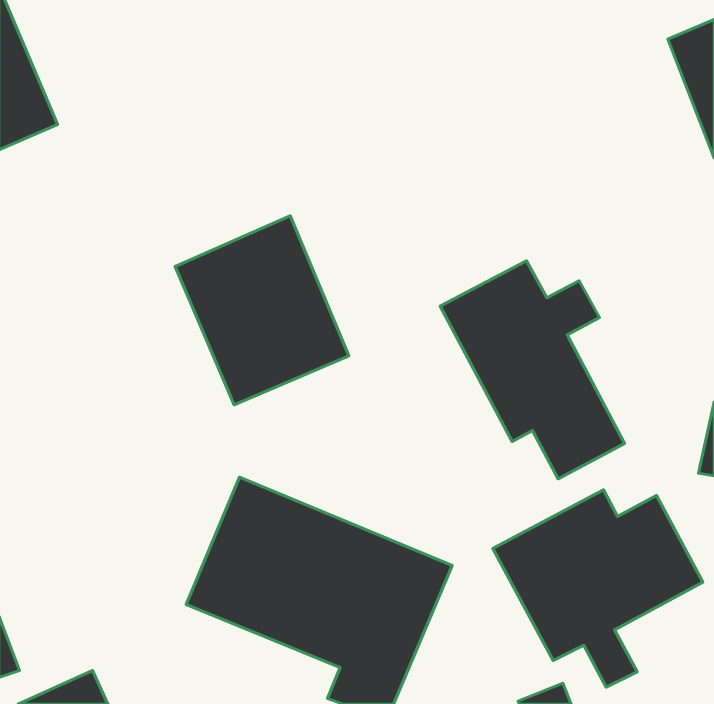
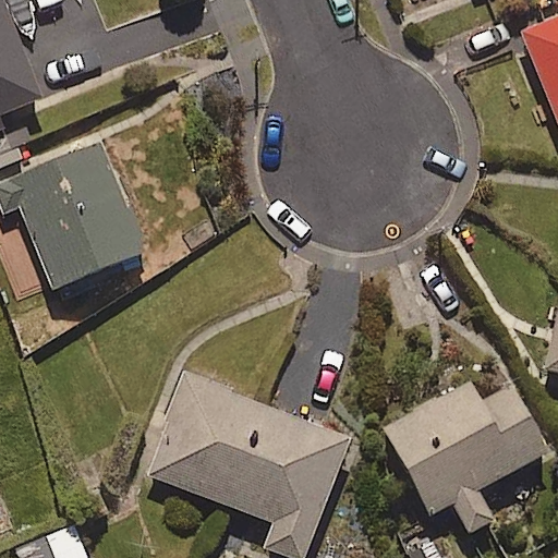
building: [175,216,349,405] -> [12,143,147,290]
building: [440,261,625,479] -> none

